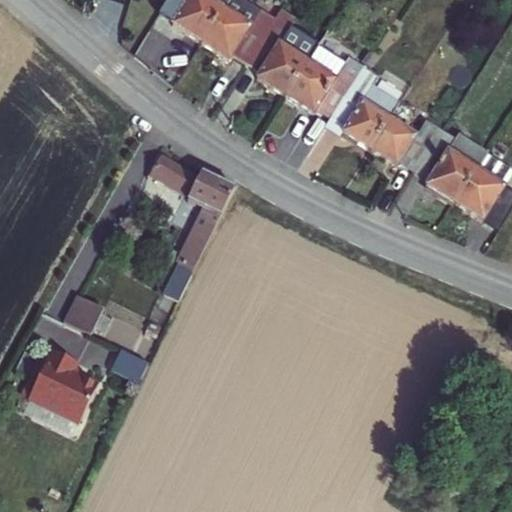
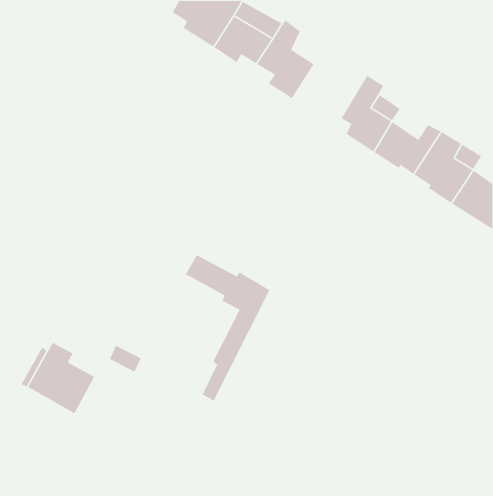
building: [301,52,378,122] -> none
building: [143,152,231,304] -> [185,254,270,402]
building: [63,295,103,335] -> none

